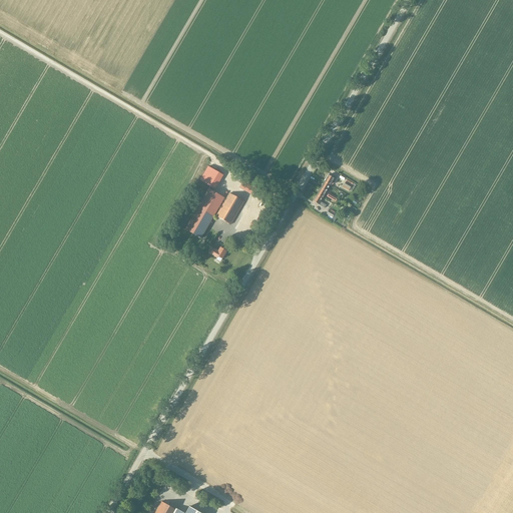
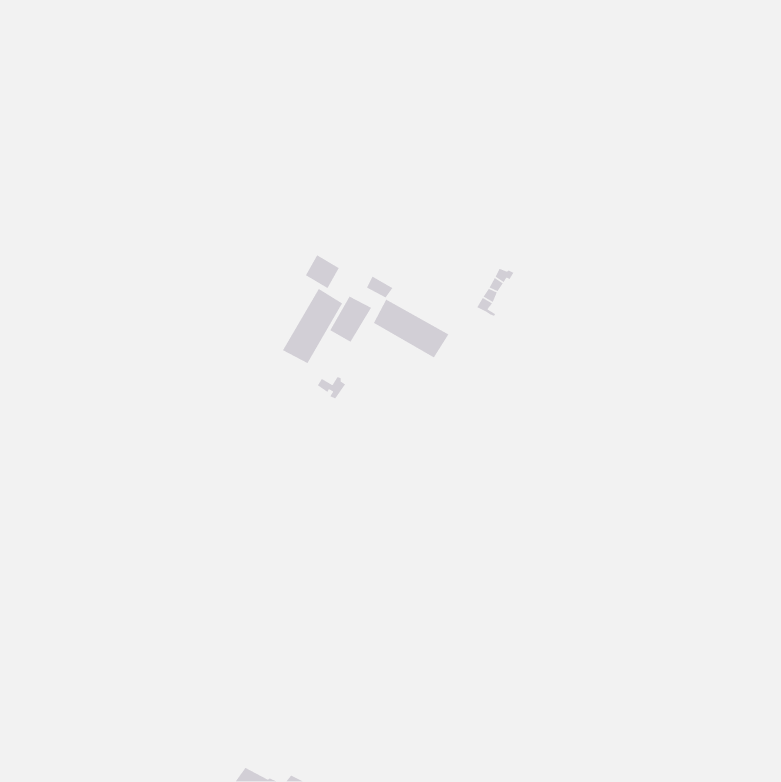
building: none -> [373,298,449,359]

